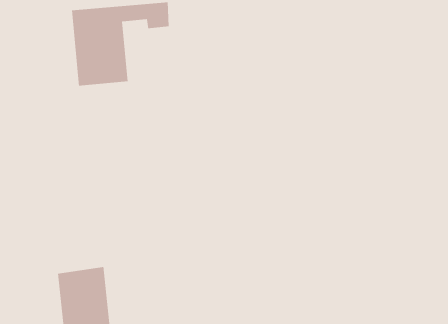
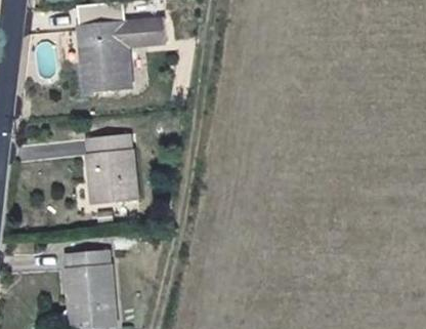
building: none -> [85,131,136,202]

